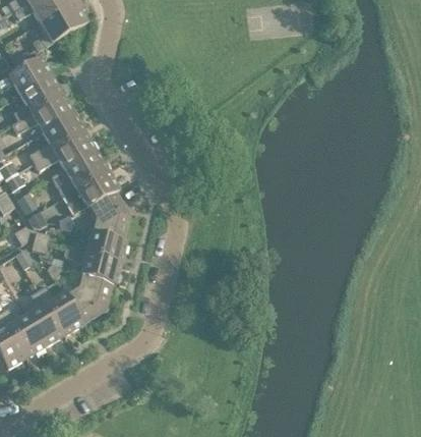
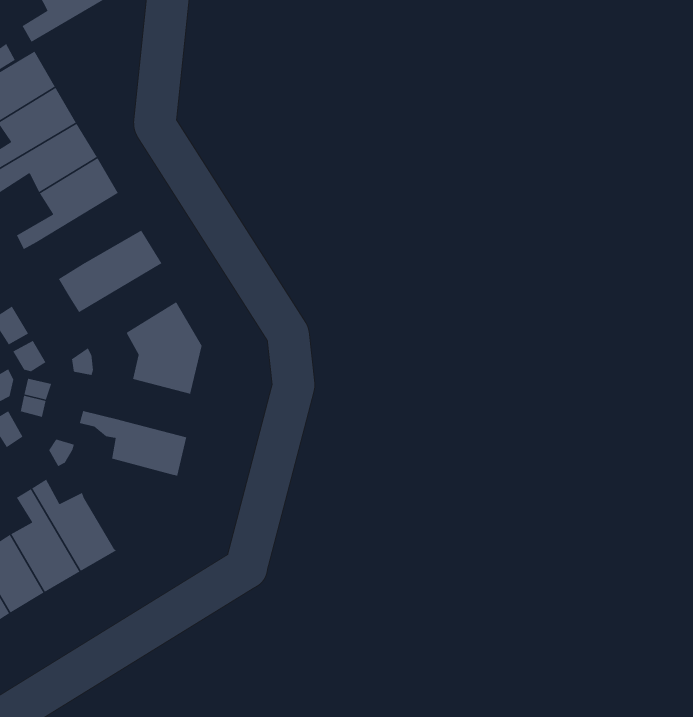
building: [33,131,96,170] -> none
building: [62,169,118,215] -> none
building: [84,230,125,262] -> none
building: [65,274,111,322] -> none

